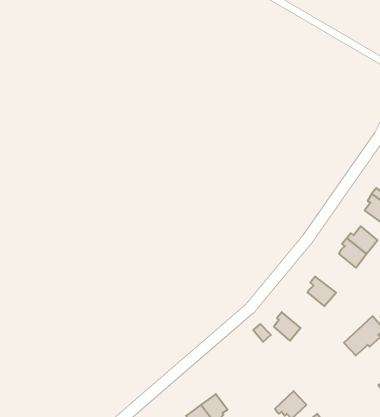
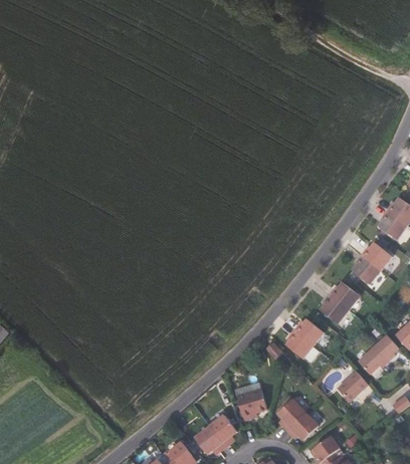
building: none -> [328,283,359,310]
building: none -> [293,319,324,346]
building: none -> [337,372,367,402]
building: none -> [239,388,269,419]
building: none -> [277,397,305,429]

